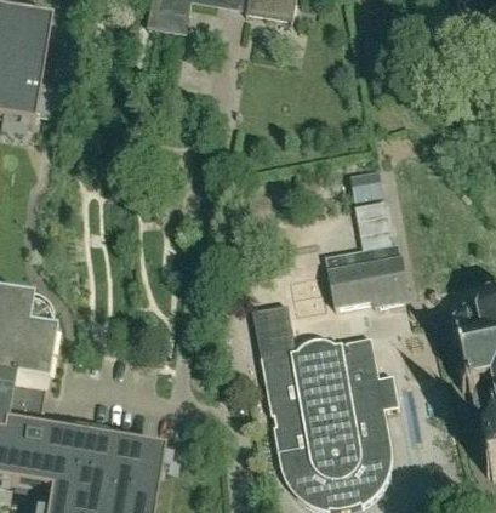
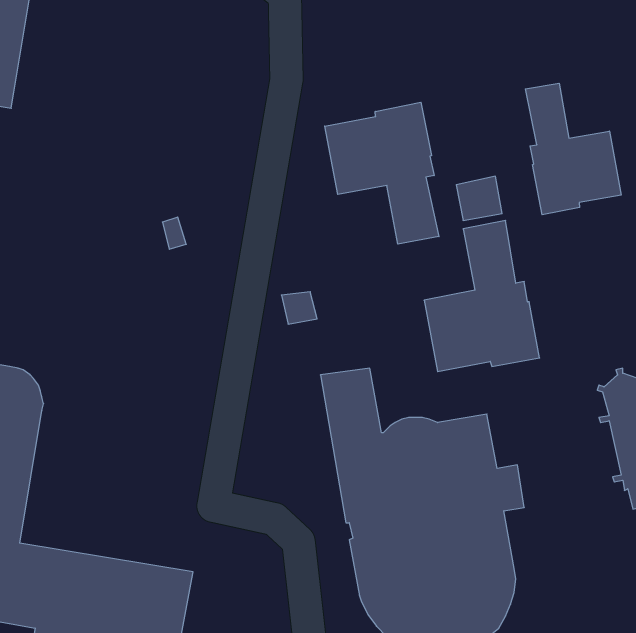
building: none -> [525,83,621,215]
building: none -> [325,102,439,244]

